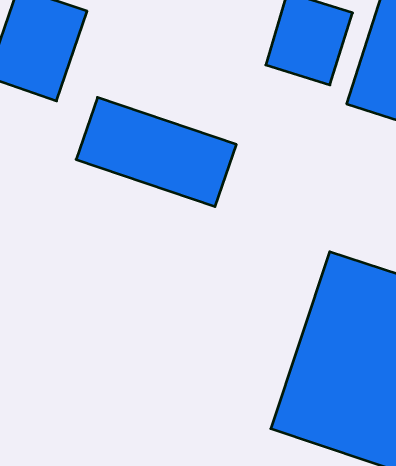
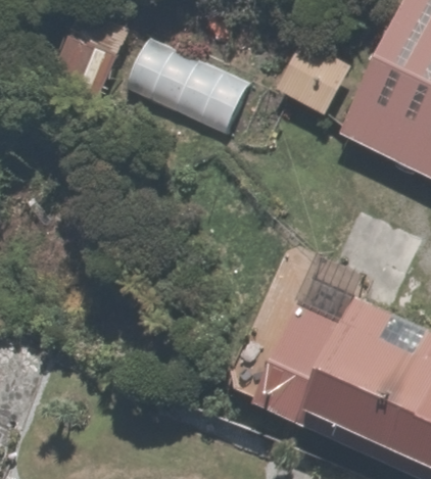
building: [76,97,236,207] -> [111,33,247,135]

